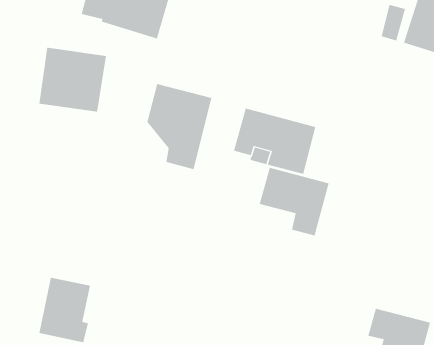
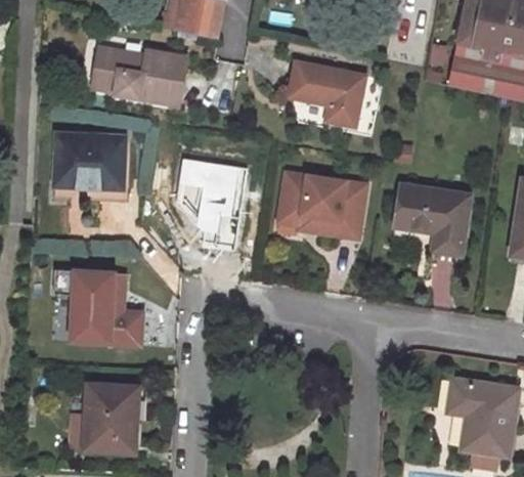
building: none -> [288,62,363,126]
building: [259,167,329,236] -> [395,186,471,257]
building: none -> [54,265,142,342]

